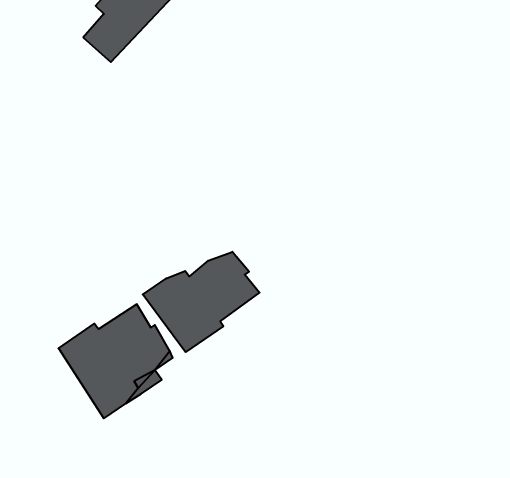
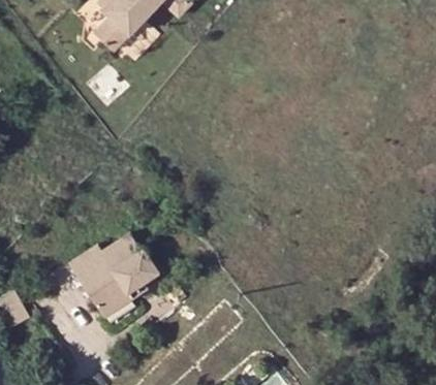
building: [143,252,260,352] -> none

